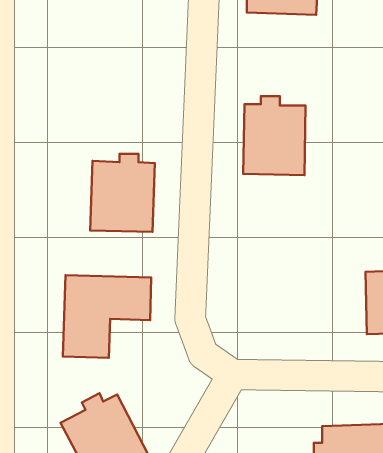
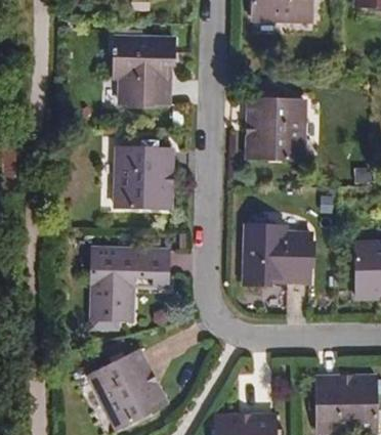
building: none -> [114,38,174,104]
building: none -> [244,224,309,284]

